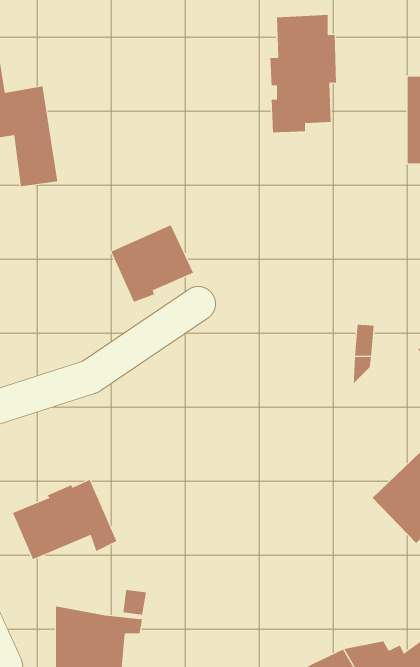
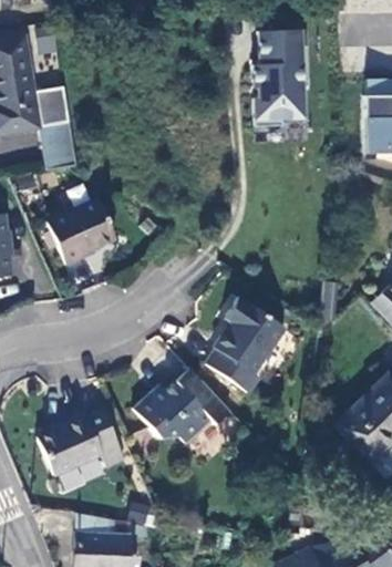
building: [110,224,194,303] -> [45,200,114,265]
building: none -> [208,298,285,393]
building: none -> [135,369,231,444]

